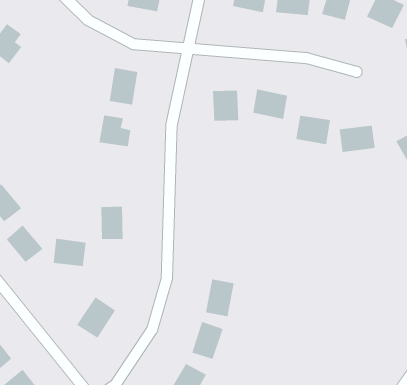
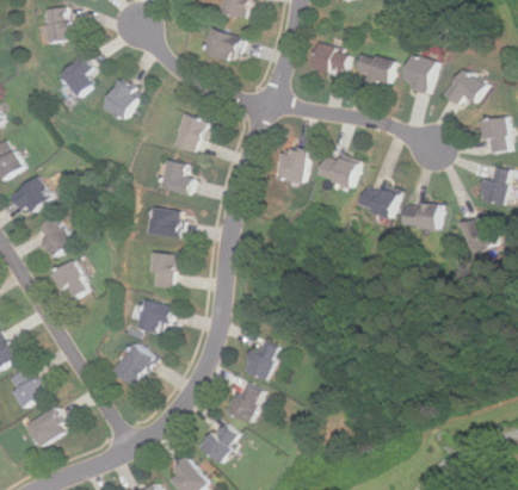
building: none -> [100,79,141,119]
building: none -> [146,205,181,236]
building: [53,238,87,266] -> [137,299,174,331]

